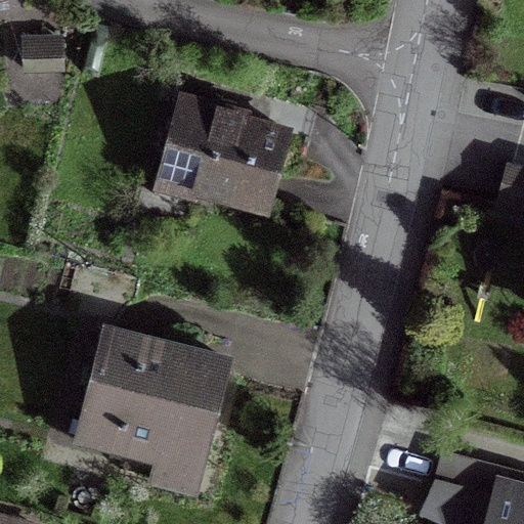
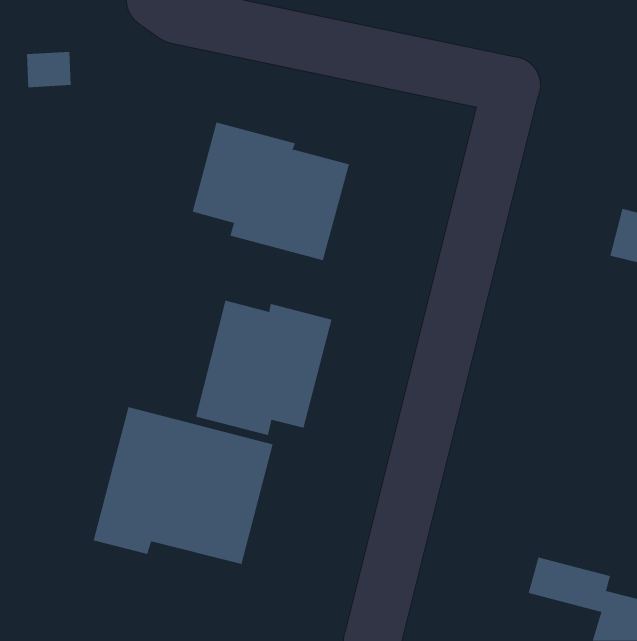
building: none -> [195,300,332,436]

